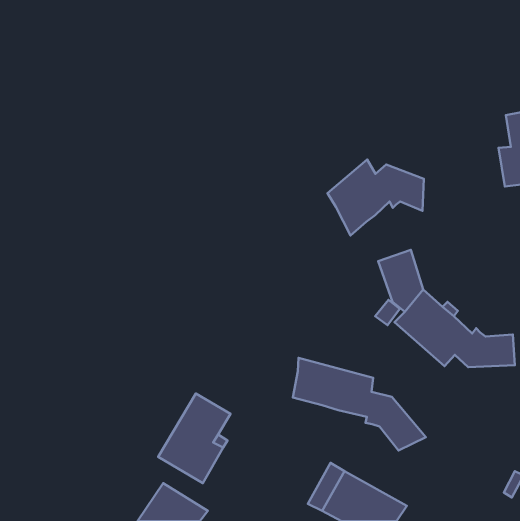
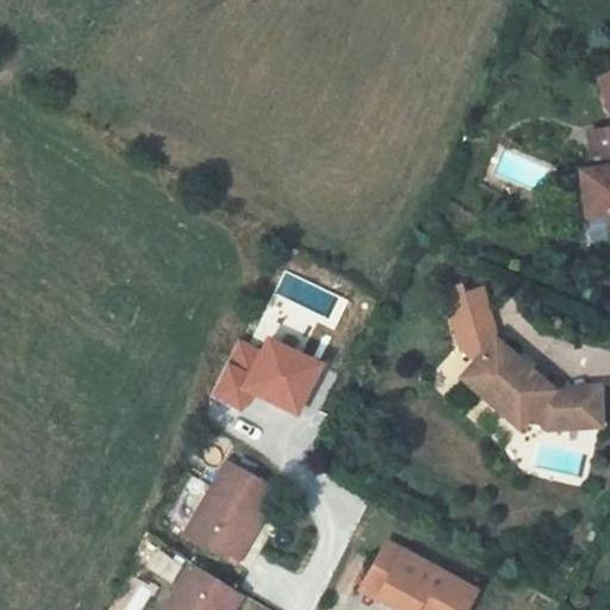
building: [327,159,424,235] -> none
building: none -> [213,340,322,413]
building: [293,358,426,450] -> none

